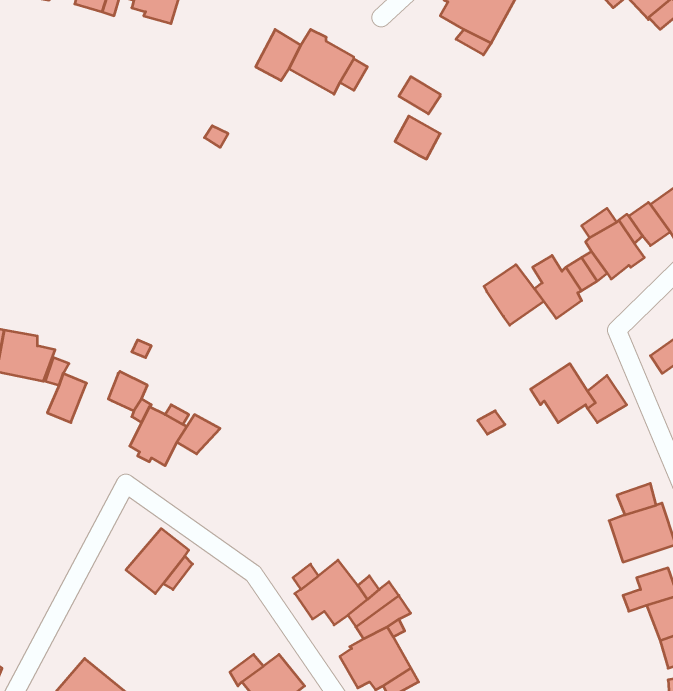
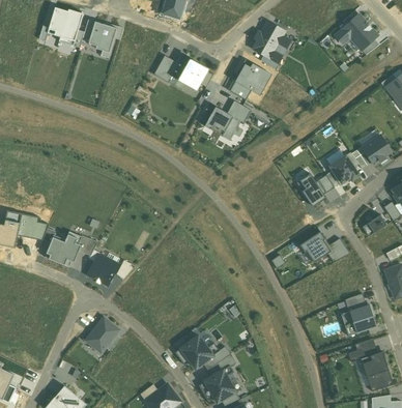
building: none -> [236,60,268,93]
building: none -> [204,107,242,140]
building: [484,265,544,325] -> none
building: none -> [57,231,82,267]

